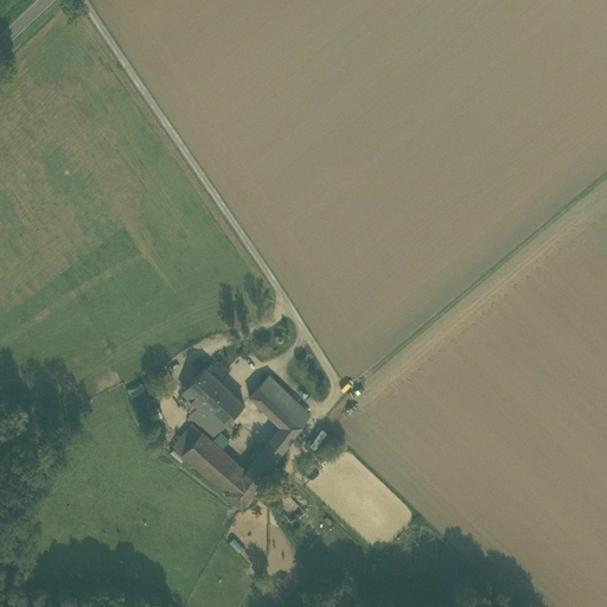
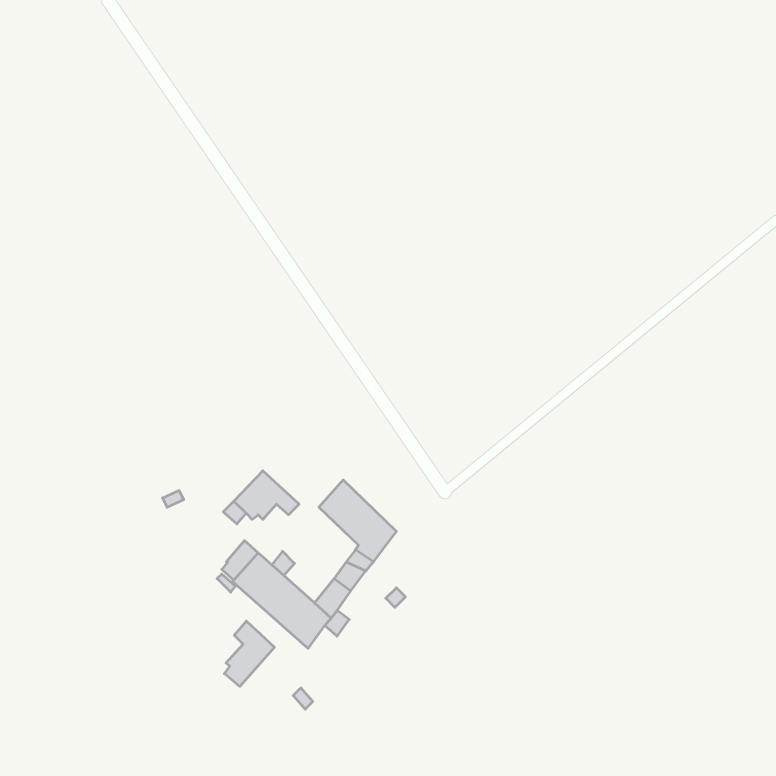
building: [189,394,243,436] -> none
building: none -> [224,621,274,686]

